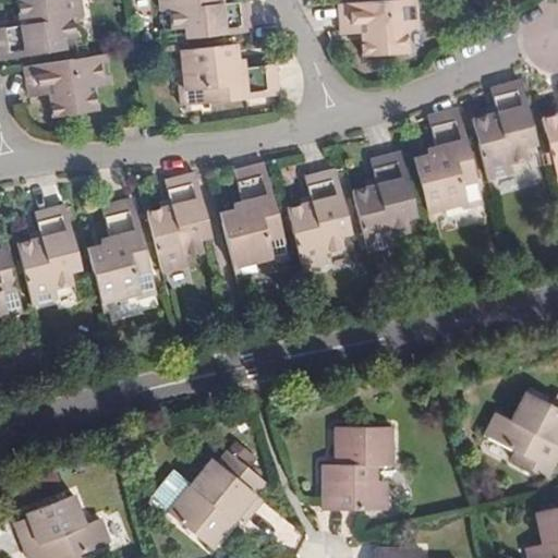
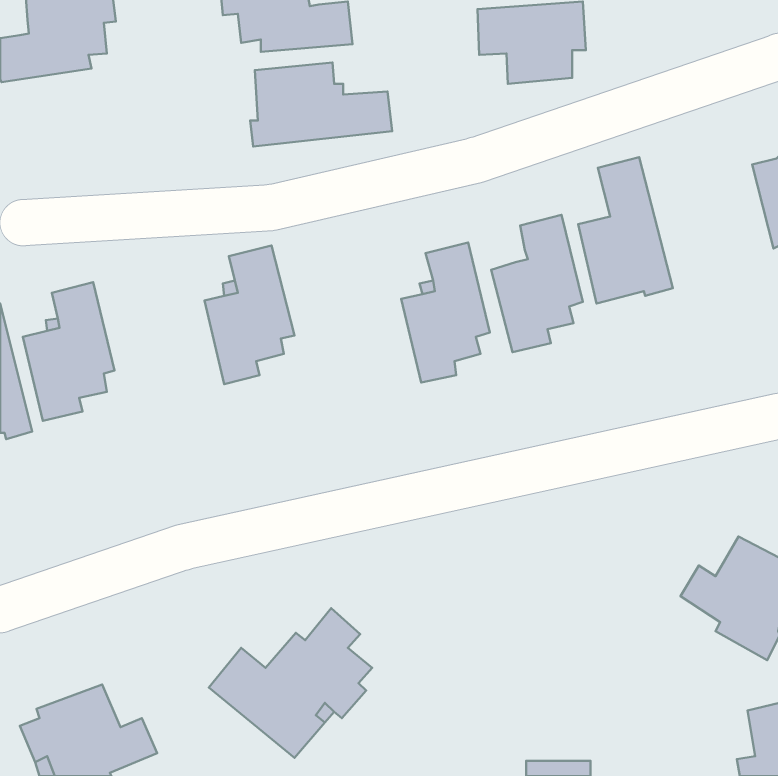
building: [28,54,107,116] -> none
building: [473,85,538,182] -> none
building: [219,168,289,271] -> none
building: [87,203,155,306] -> none
building: [330,416,400,504] -> none

